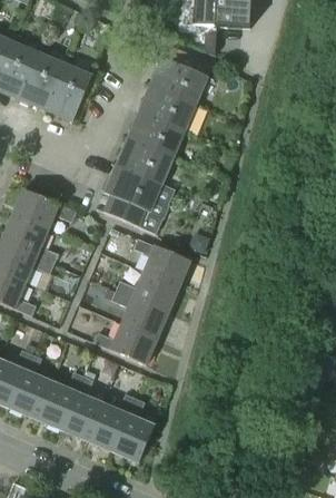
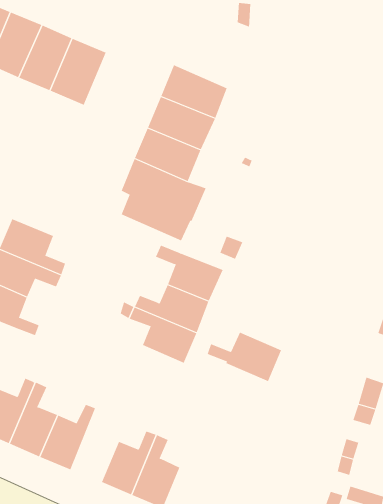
building: [150,56,208,105] -> none
building: [13,188,77,230] -> none
building: [96,322,159,364] -> [207,332,282,382]
building: [63,375,103,438] -> none

